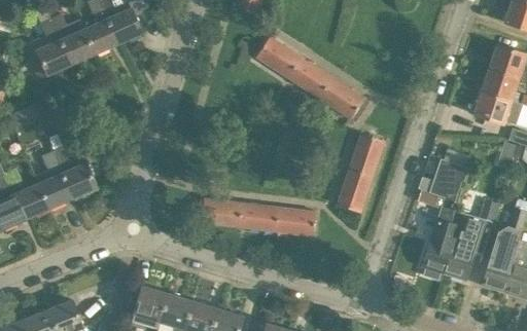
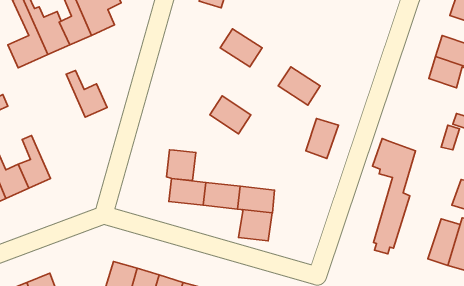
building: [288,58,332,99] -> [210,96,251,134]
building: [475,90,512,124] -> none
building: [52,148,97,198] -> [66,70,107,117]
building: none -> [166,150,196,181]
building: [337,169,372,213] -> none
building: [444,199,498,281] -> none
building: none -> [238,210,272,241]

